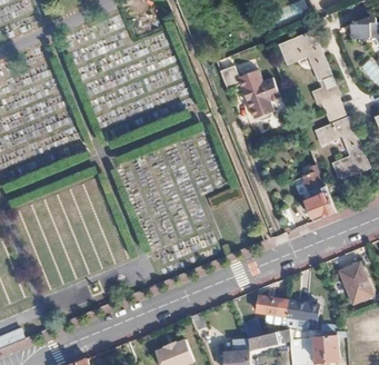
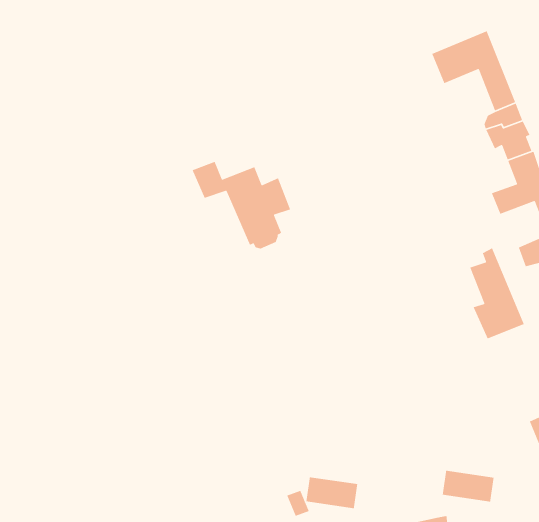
building: [218,66,279,120] -> [192,161,291,250]
building: [255,296,287,316] -> [306,476,358,509]

